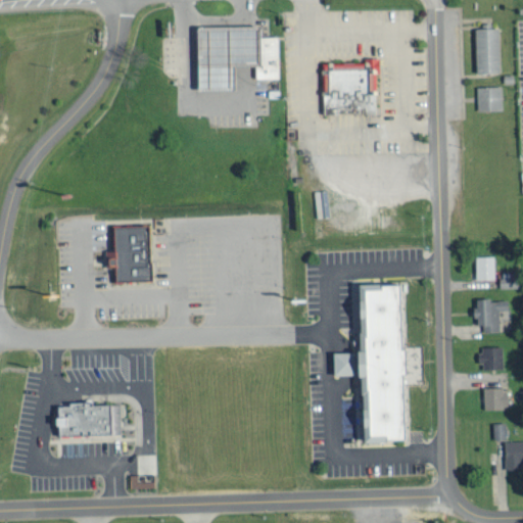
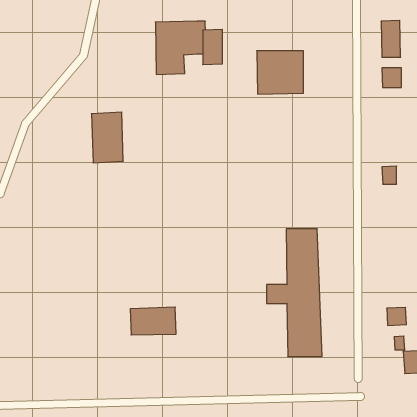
building: [113,223,153,286] -> [91,112,123,163]
building: [477,255,495,278] -> [382,166,397,184]
building: [474,296,510,331] -> none
building: [476,344,505,367] -> none
building: [64,405,122,439] -> [130,307,176,335]

